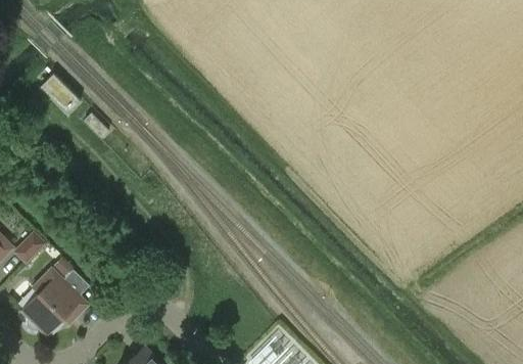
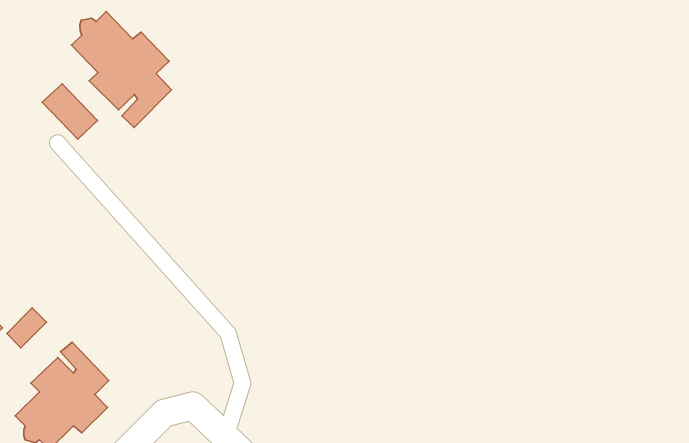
building: none -> [72,12,172,127]

